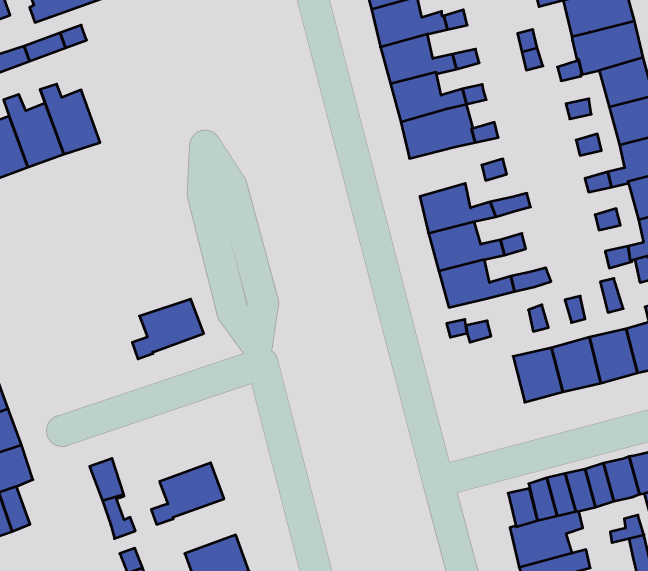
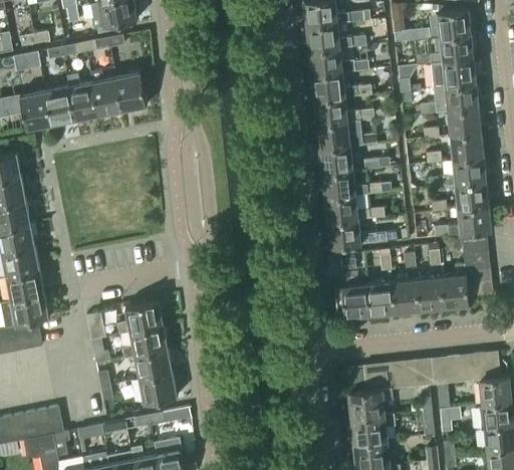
building: none -> [117,70,148,109]
building: none -> [319,146,352,174]
building: [132,299,204,359] -> [118,300,165,333]
building: none -> [334,284,369,317]
building: none -> [136,347,174,379]

